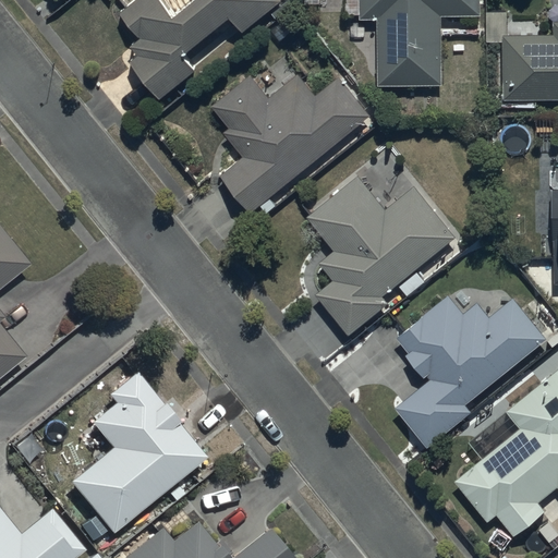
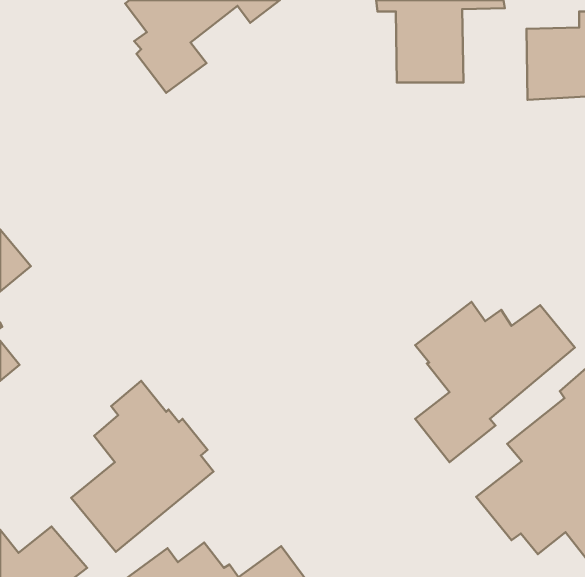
building: [213,74,371,217] -> none
building: [305,175,456,336] -> none

